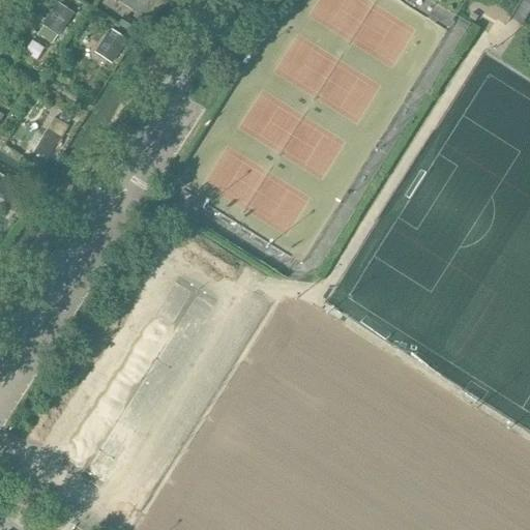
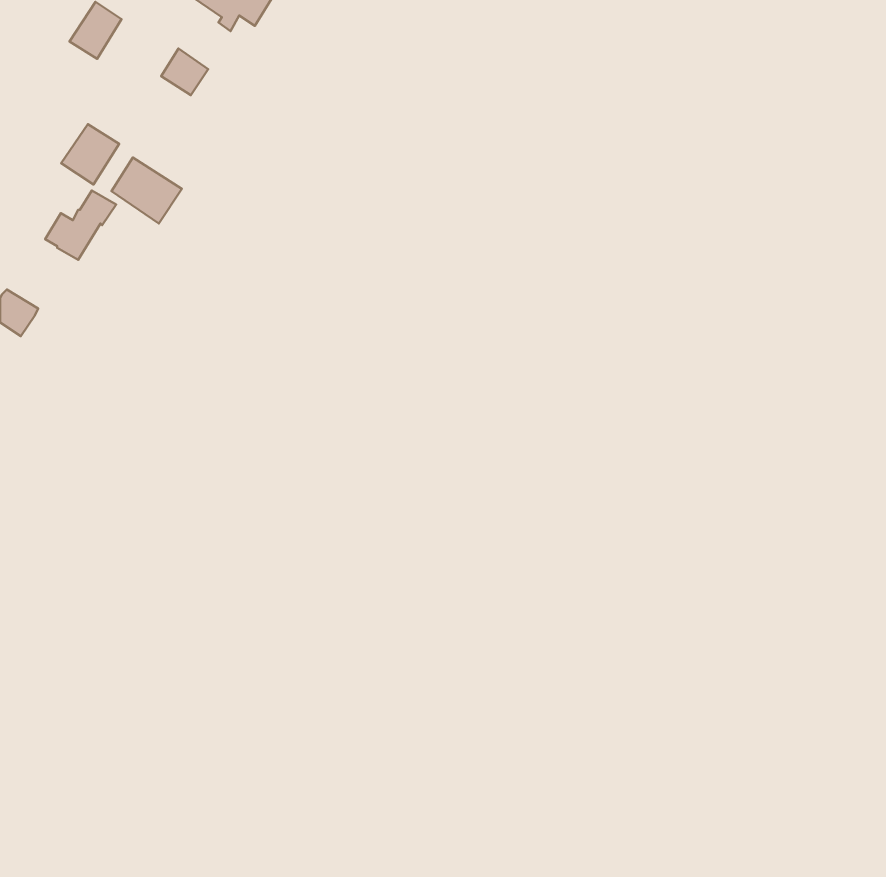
building: none -> [61,124,119,185]
building: none -> [112,157,182,223]

